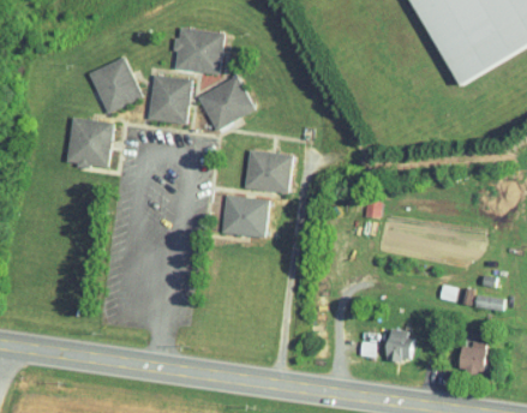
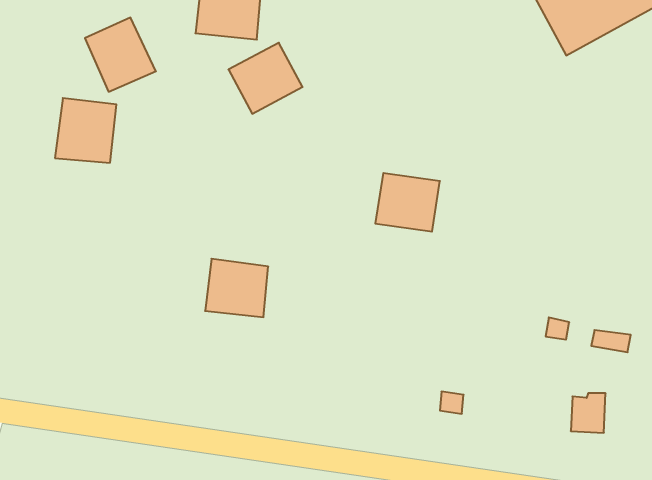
building: [148,74,192,124] -> none
building: [244,149,293,193] -> [375,173,440,232]
building: [221,193,269,238] -> [205,259,268,317]
building: [384,328,417,361] -> none

